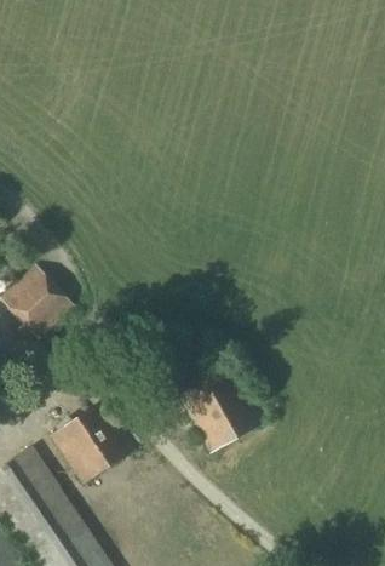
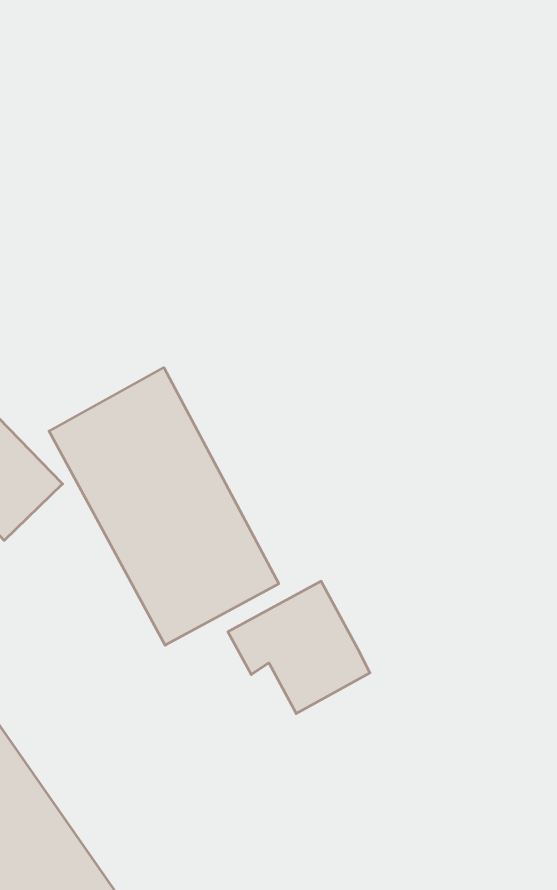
building: none -> [49,368,279,645]
building: [50,402,132,482] -> none

